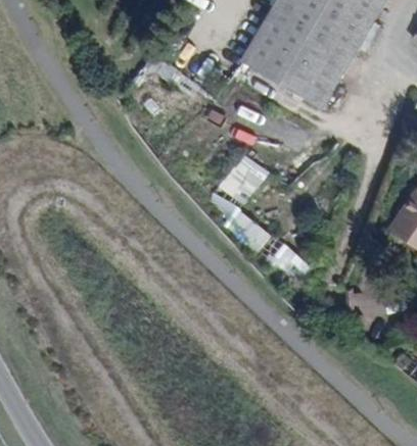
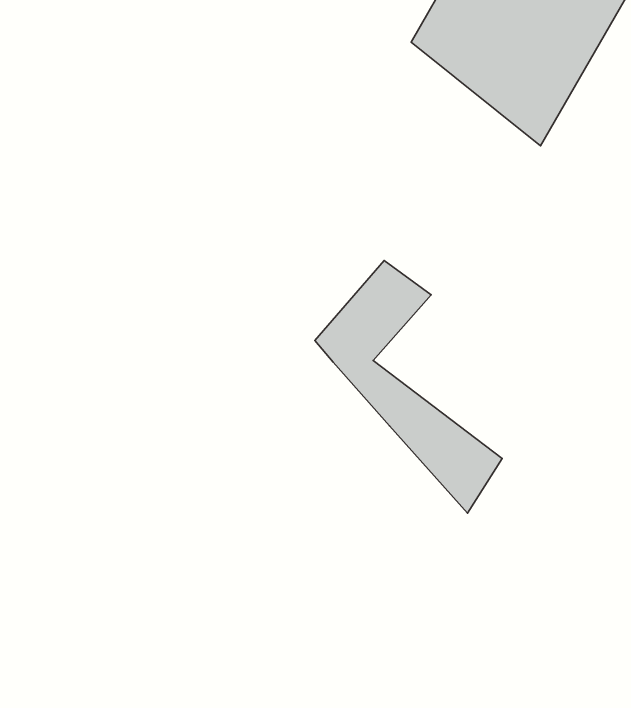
building: [242,31,332,106] -> none

